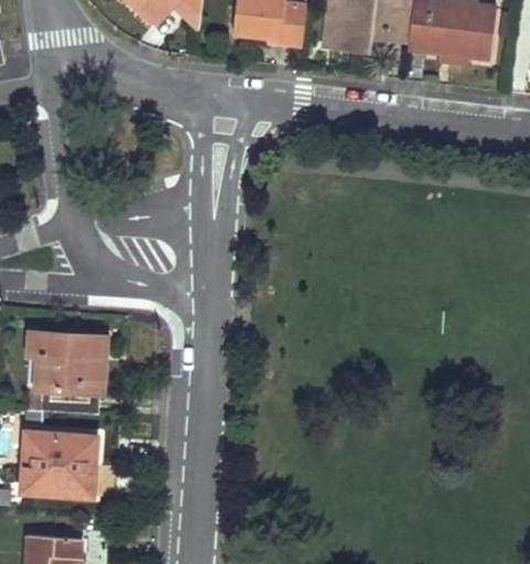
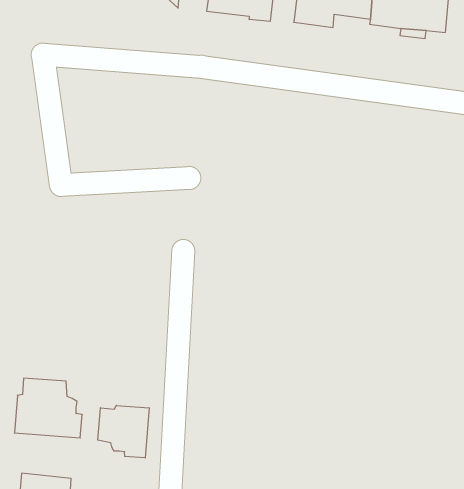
building: [31,335,102,414] -> none
building: none -> [98,405,149,458]

